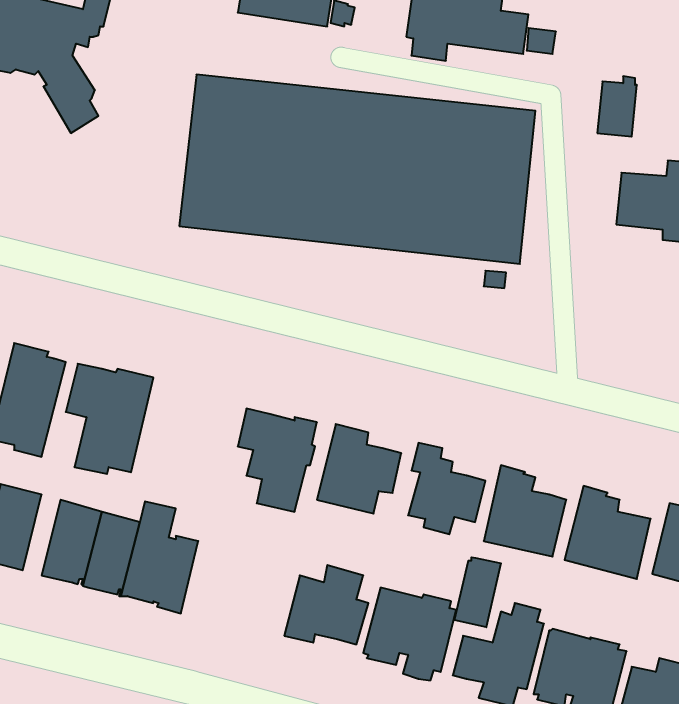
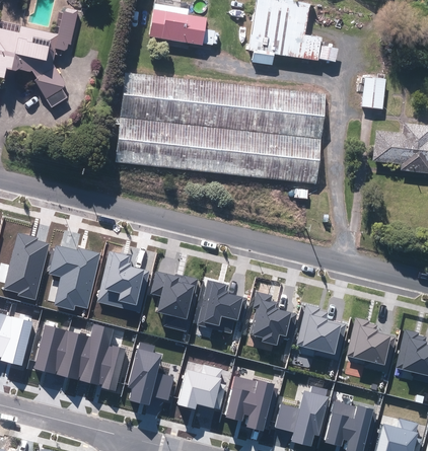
building: none -> [95,249,147,311]
building: none -> [127,343,174,405]
building: [455,557,501,627] -> none

